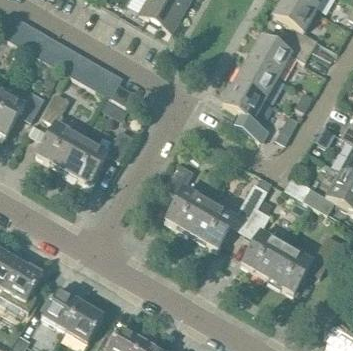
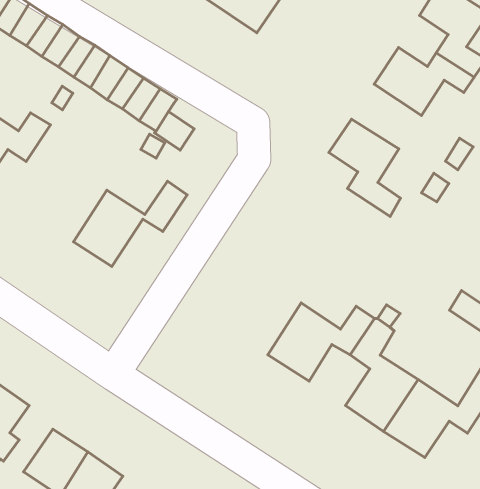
building: [234,59,278,99] -> none
building: [36,91,82,170] -> none
building: [164,163,209,234] -> none

